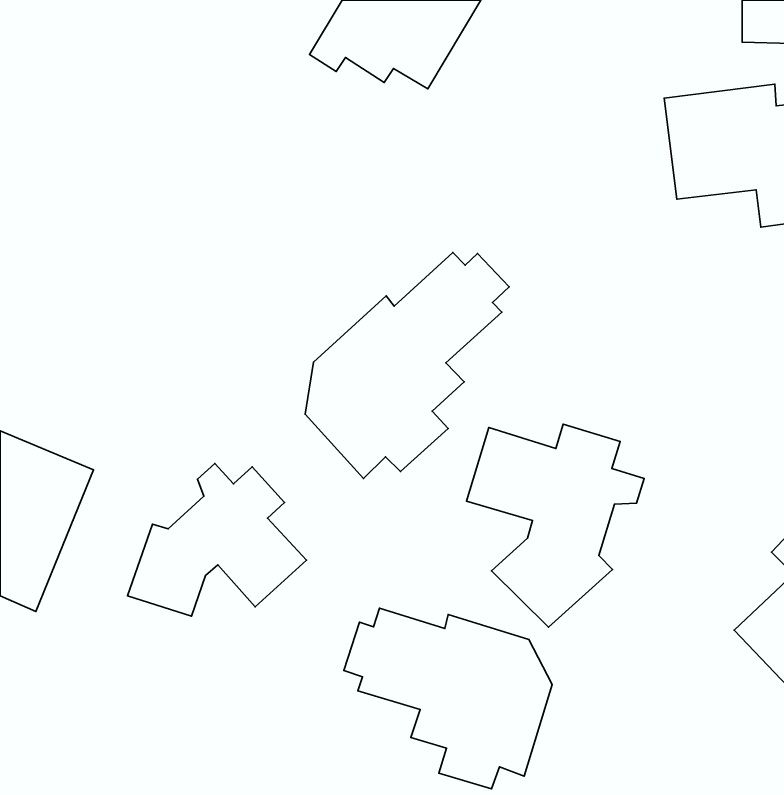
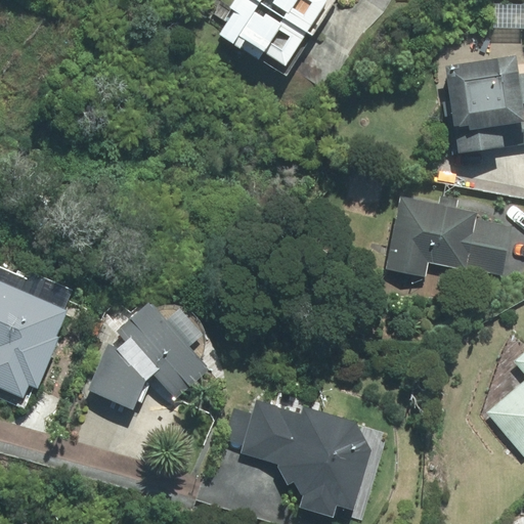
building: [305,252,509,479] -> none
building: none -> [385,193,515,276]
building: [466,424,644,627] -> none

